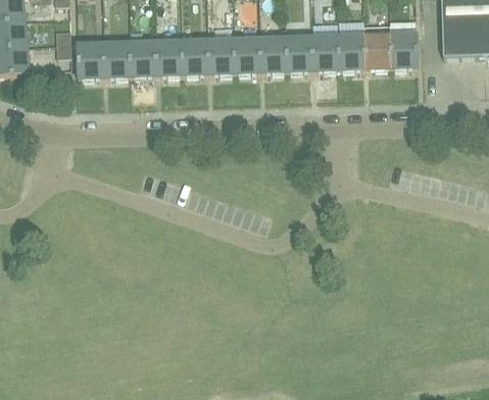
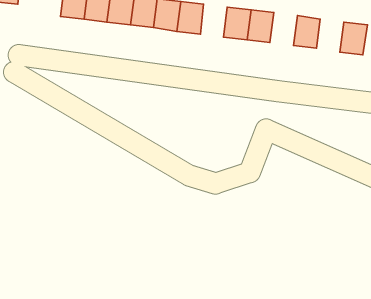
building: [364,33,392,66] -> none
building: [312,34,340,68] -> none
building: [234,37,261,71] -> none

